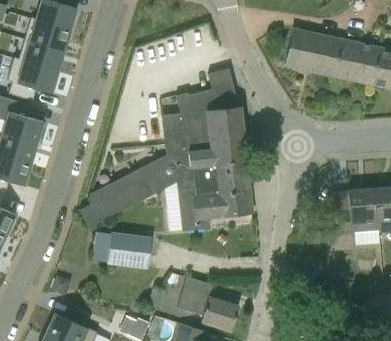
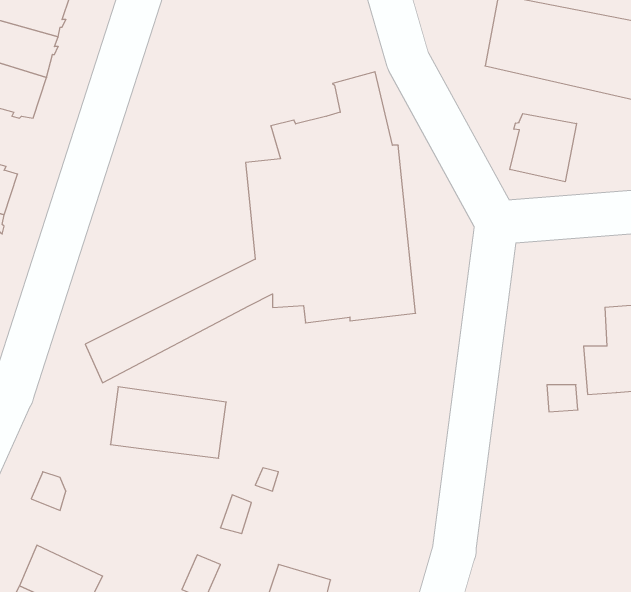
building: none -> [510,114,577,182]
building: [164,183,253,234] -> none
building: [177,278,239,331] -> none

